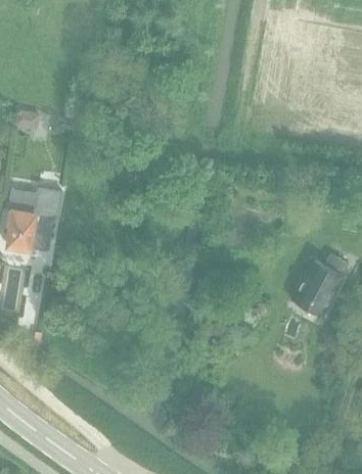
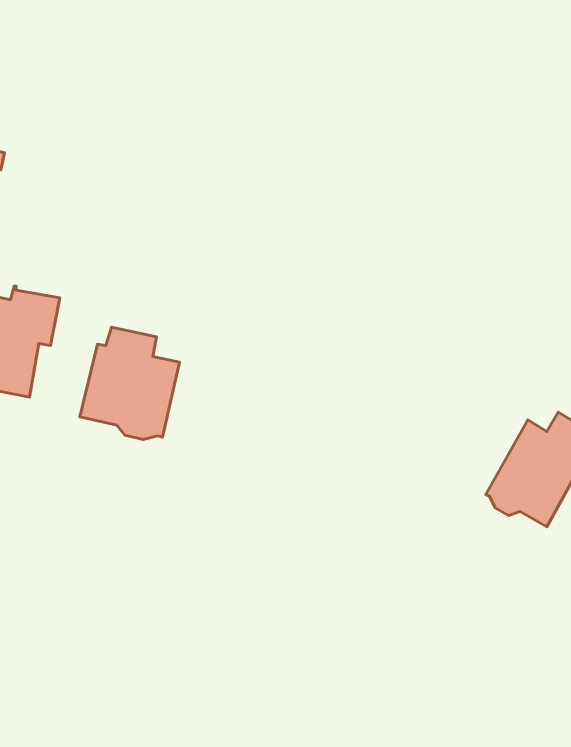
building: none -> [80,327,180,439]

